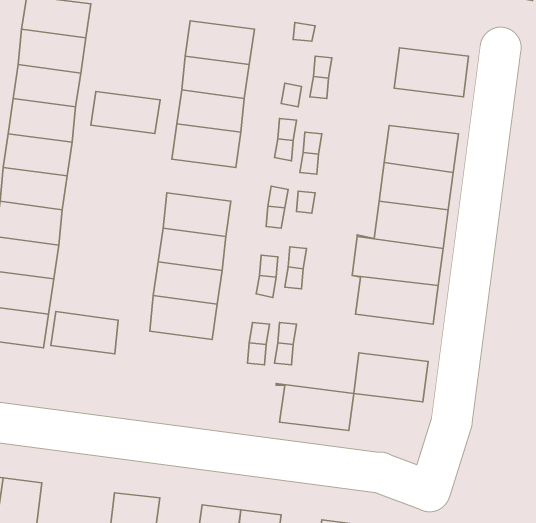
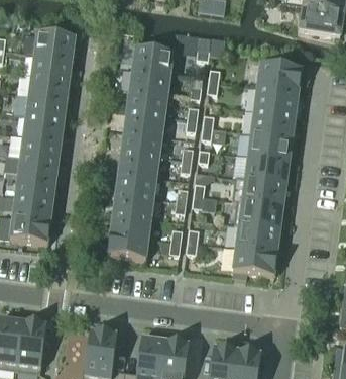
building: none -> [253,85,298,112]
building: [91,91,160,134] -> [120,127,161,153]
building: [51,312,118,354] -> [107,230,147,256]
building: [276,383,354,431] -> [233,220,279,249]

